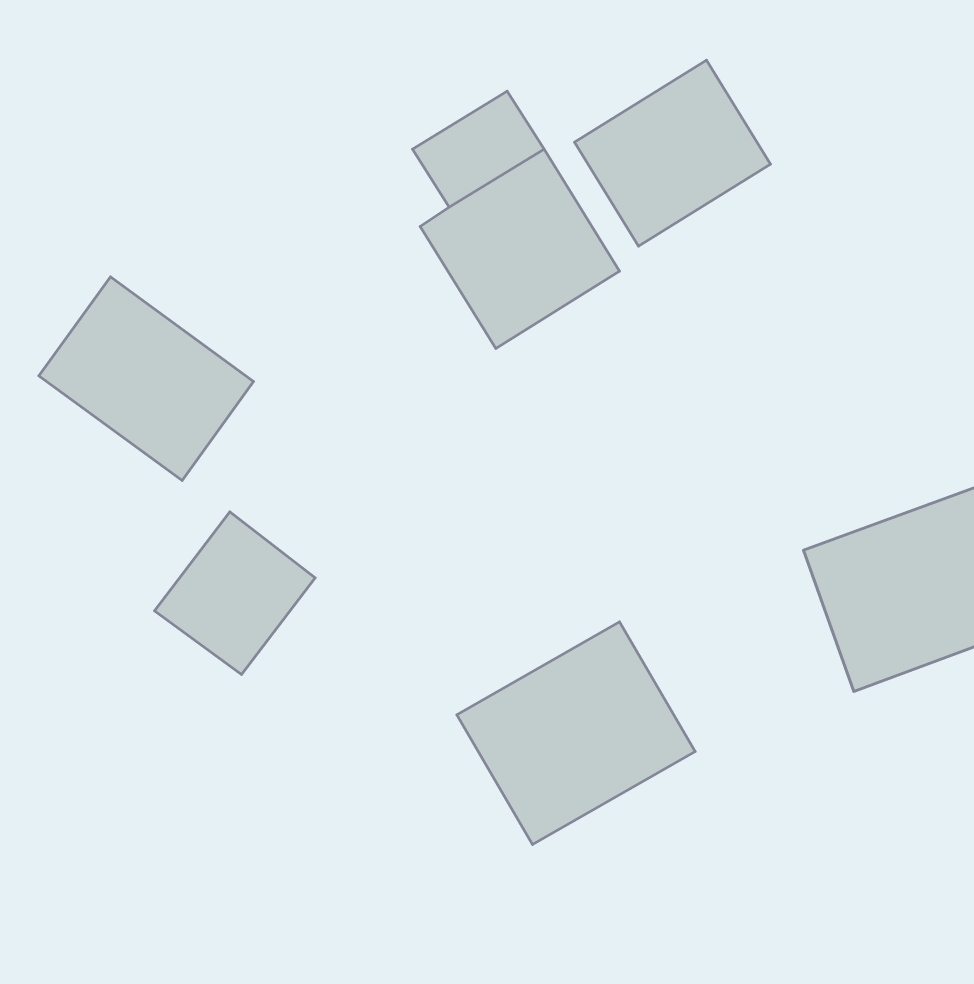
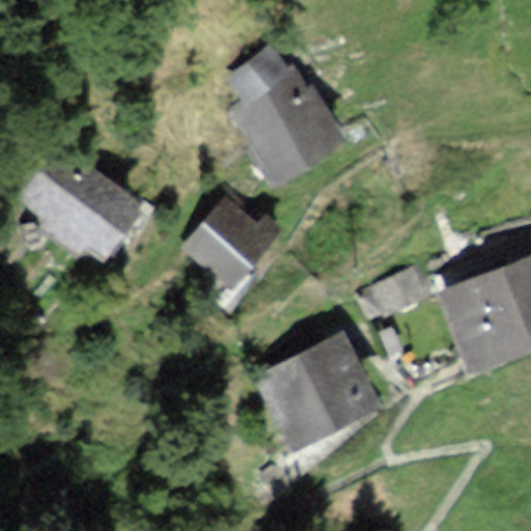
building: [575,60,771,246] -> none
building: [154,512,315,675] -> [185,201,271,288]

